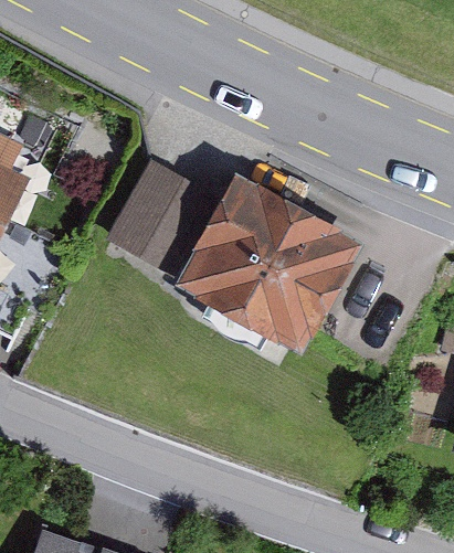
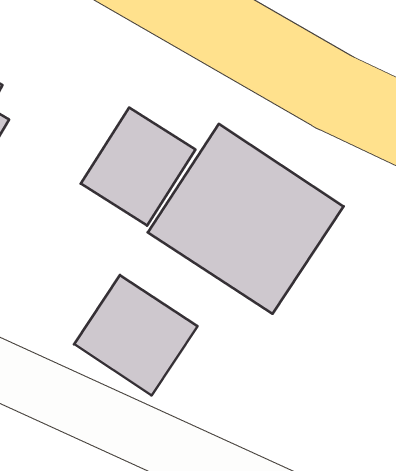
building: none -> [74,275,197,395]

